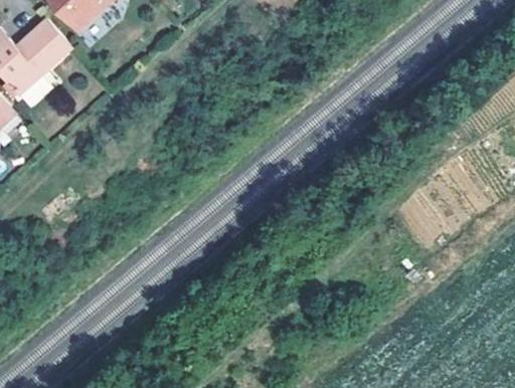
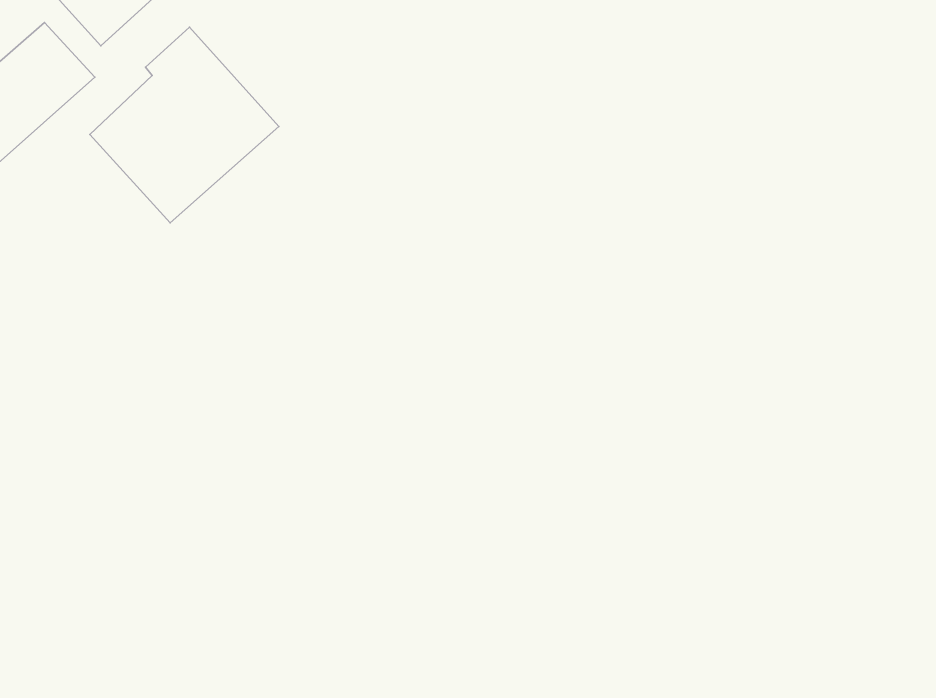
building: none -> [90,27,279,223]

